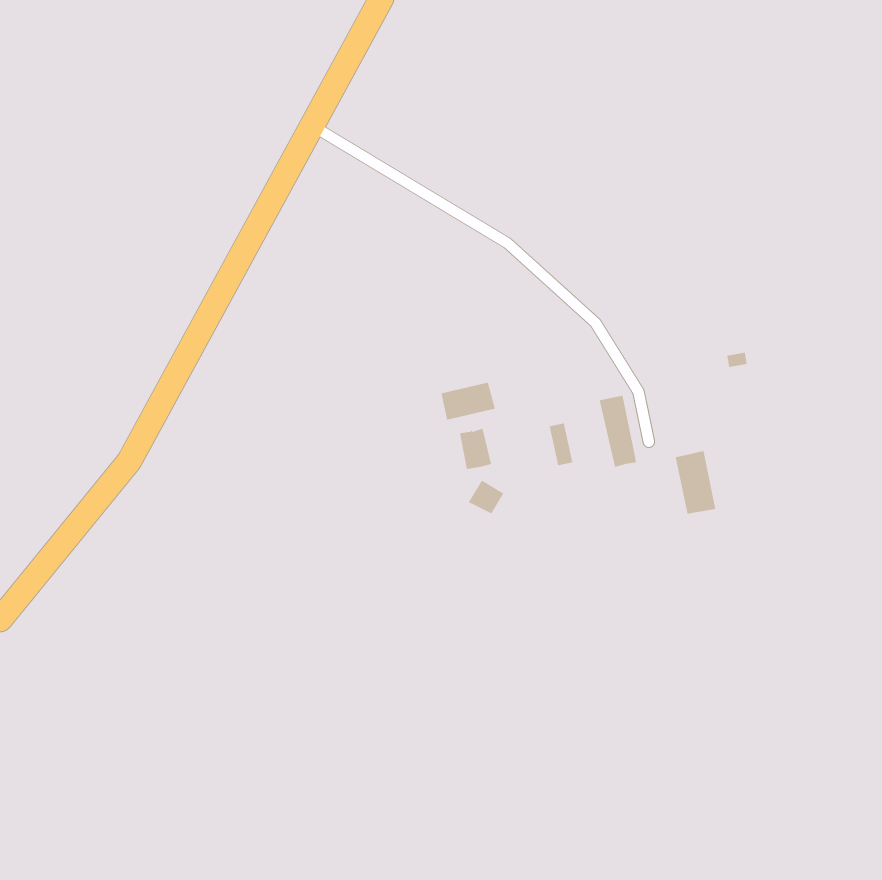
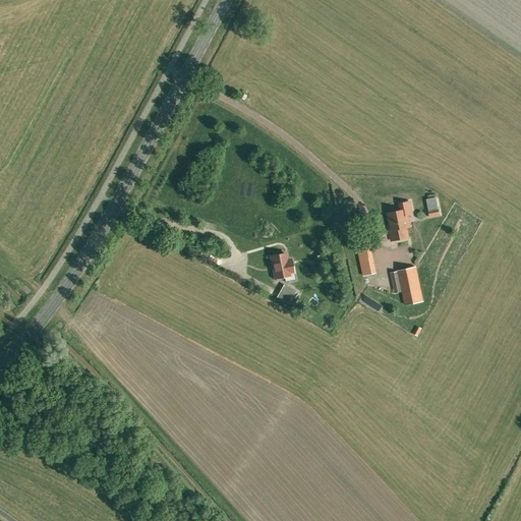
building: none -> [388,200,412,240]
building: [441,382,495,421] -> none

